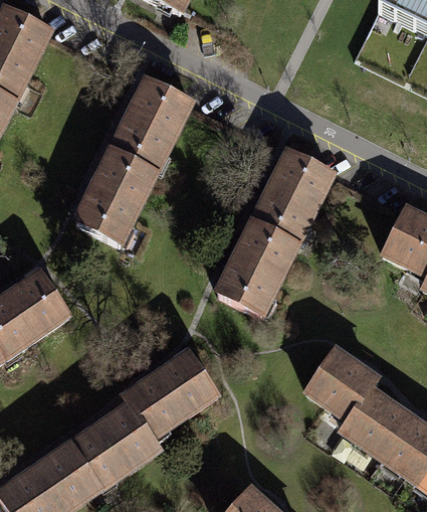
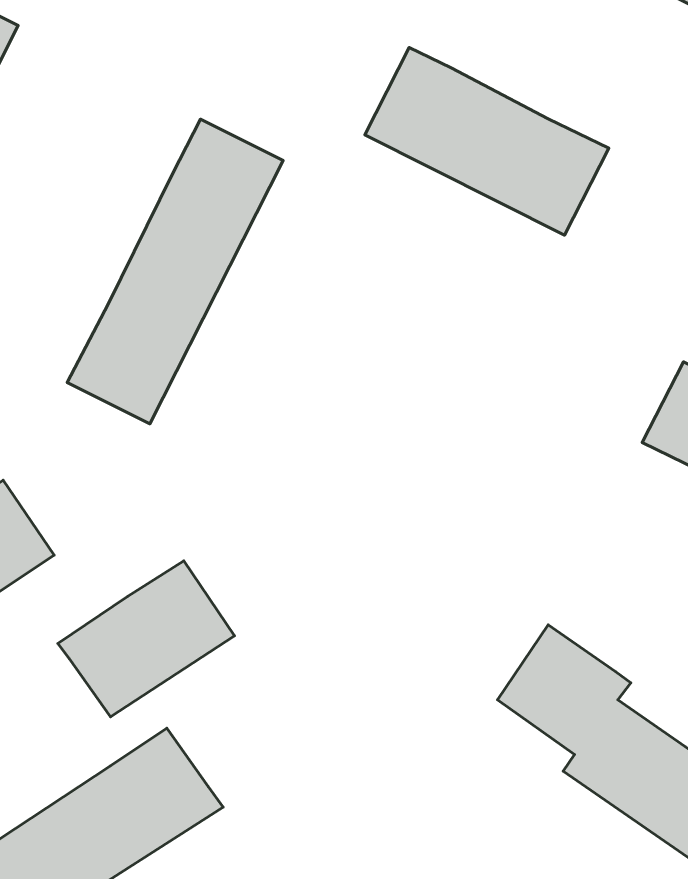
building: none -> [365,48,609,235]
building: [216,150,331,314] -> none
building: [122,352,216,436] -> [58,561,234,717]

